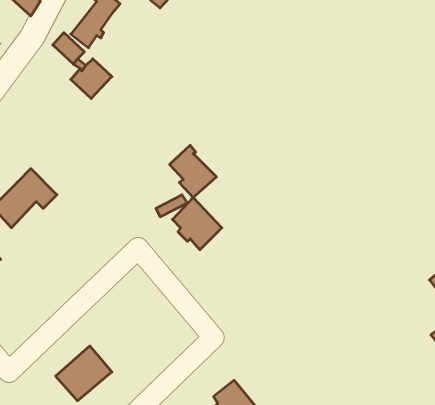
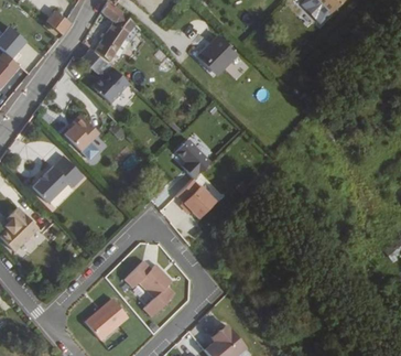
building: none -> [195,35,235,73]
building: none -> [65,115,99,151]
building: none -> [123,260,177,320]

